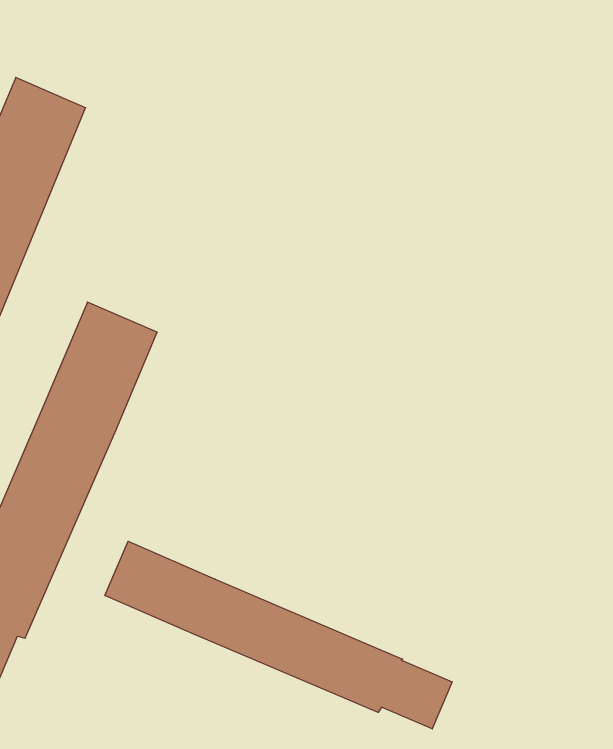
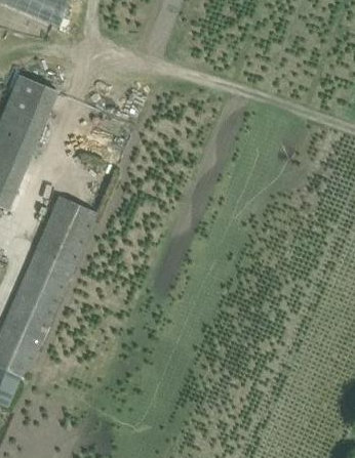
building: [105,541,452,729] -> none

